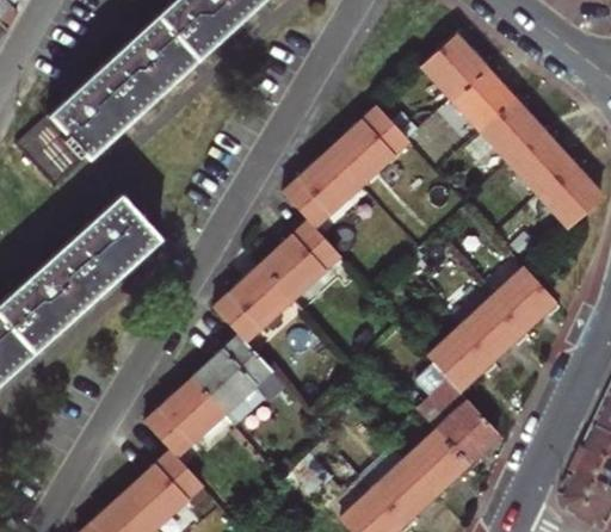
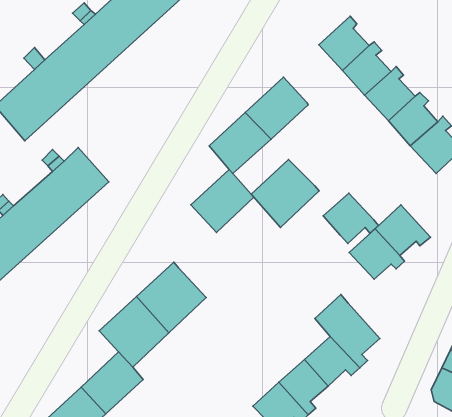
building: none -> [251,160,319,227]
building: [214,266,294,345] -> none
building: [427,326,496,389] -> [323,193,378,244]

